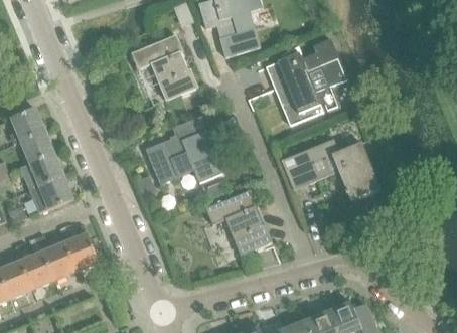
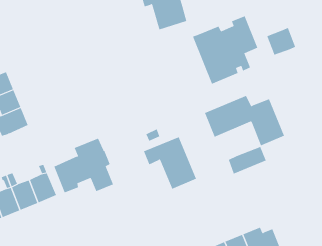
building: [130,35,196,101] -> none
building: none -> [266,27,296,55]
building: [146,116,220,184] -> [54,138,114,193]
building: [38,176,72,209] -> none
building: none -> [228,146,267,175]

